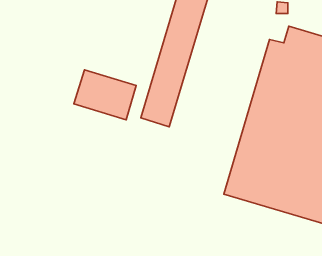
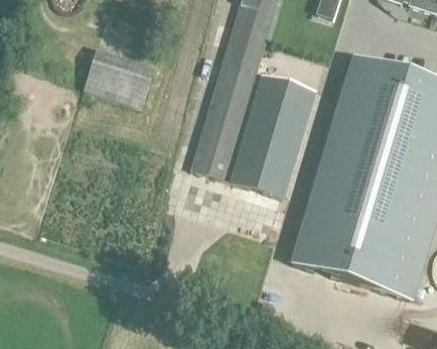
building: none -> [229,73,317,198]
building: [74,70,136,120] -> [72,45,148,106]

